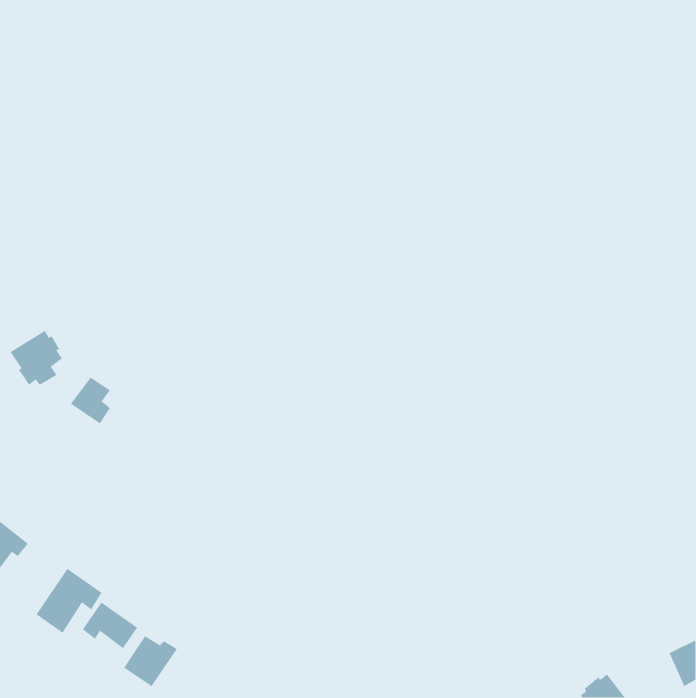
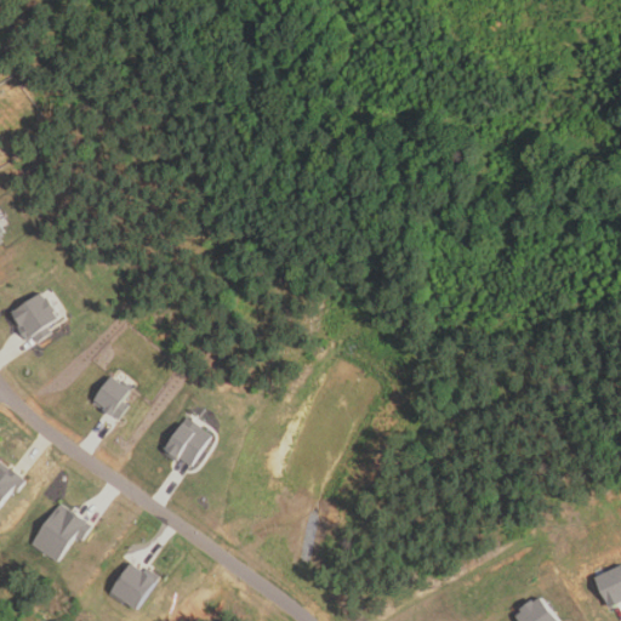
building: [70,377,111,424] -> [91,377,127,420]
building: none -> [160,416,210,466]
building: [82,601,138,649] -> none

